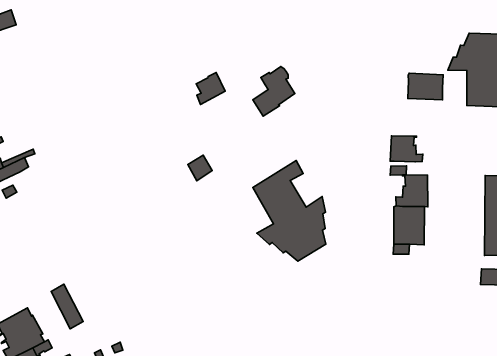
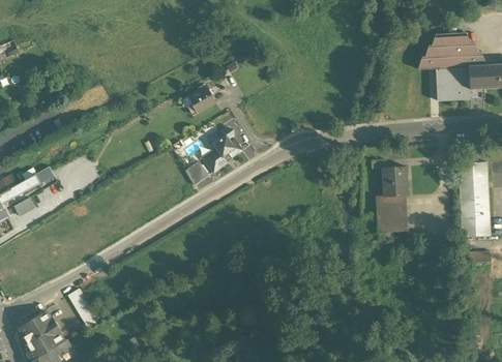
building: [253,66,295,116] -> [203,126,241,173]
building: [408,73,443,100] -> none
building: [390,136,423,162] -> none
building: [253,161,326,261] -> none

